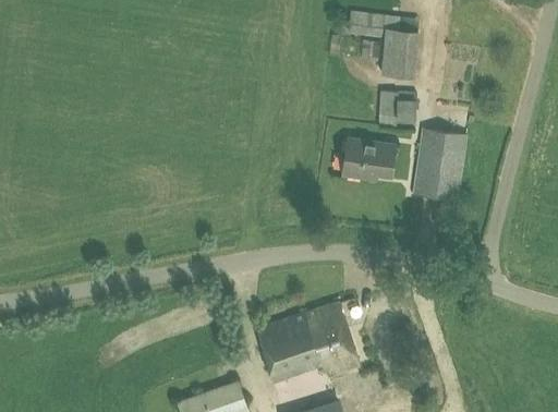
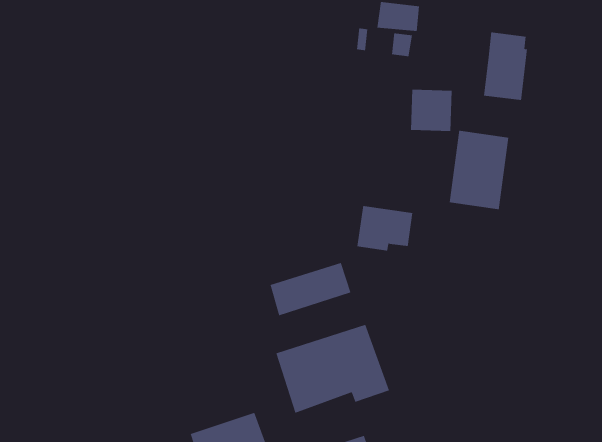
building: [380,15,421,77] -> [483,32,528,101]
building: [343,137,395,179] -> [357,206,413,251]
building: none -> [270,262,351,316]

